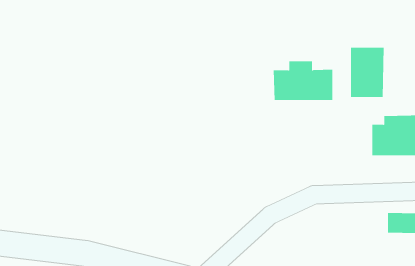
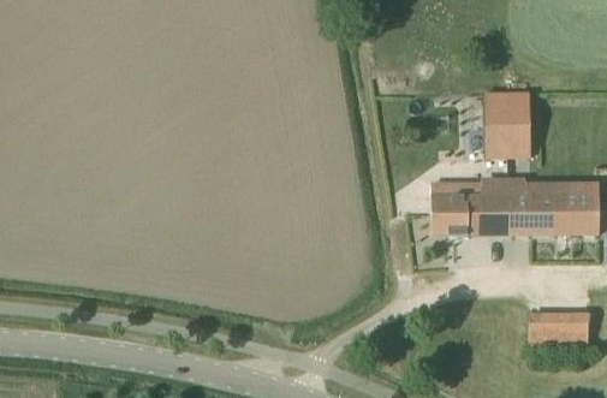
building: [273,60,333,101] -> [434,182,512,234]

